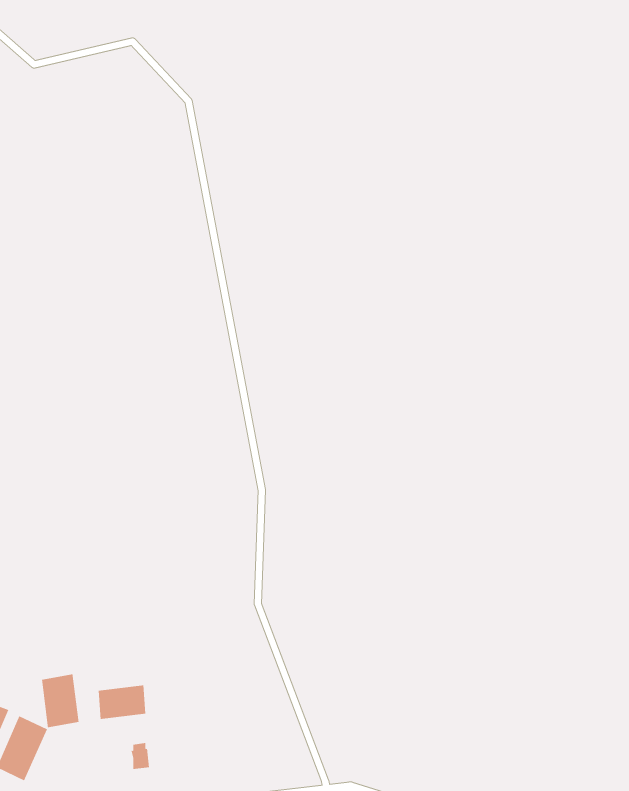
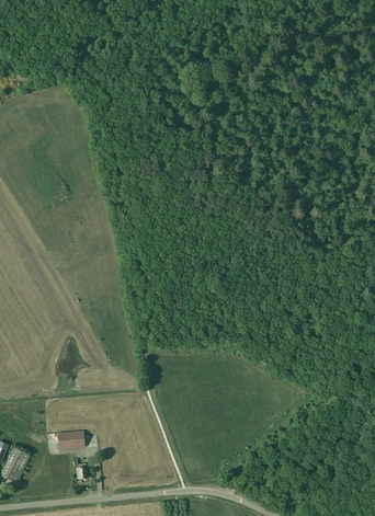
building: [41,674,79,728] -> none

